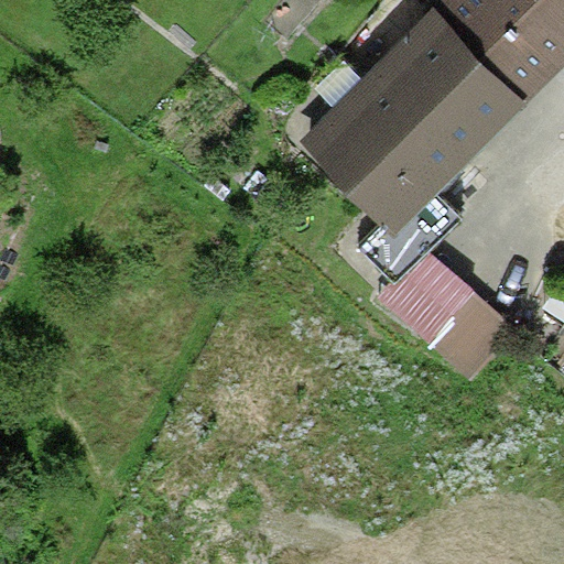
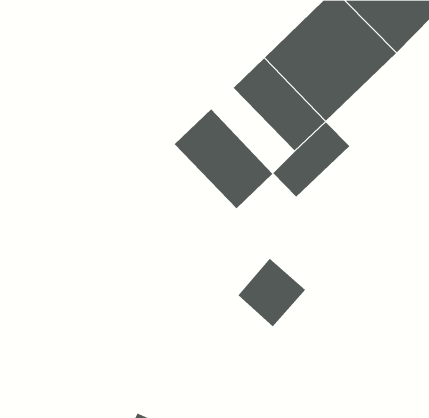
building: none -> [174,109,273,209]
building: [420,283,509,373] -> [237,258,306,327]

